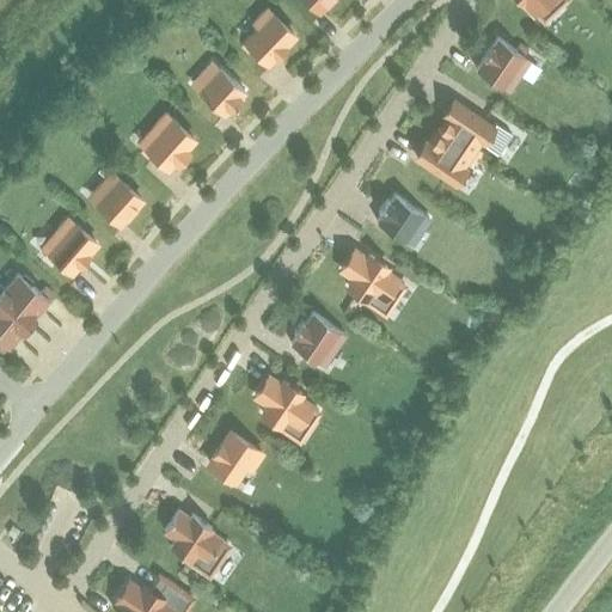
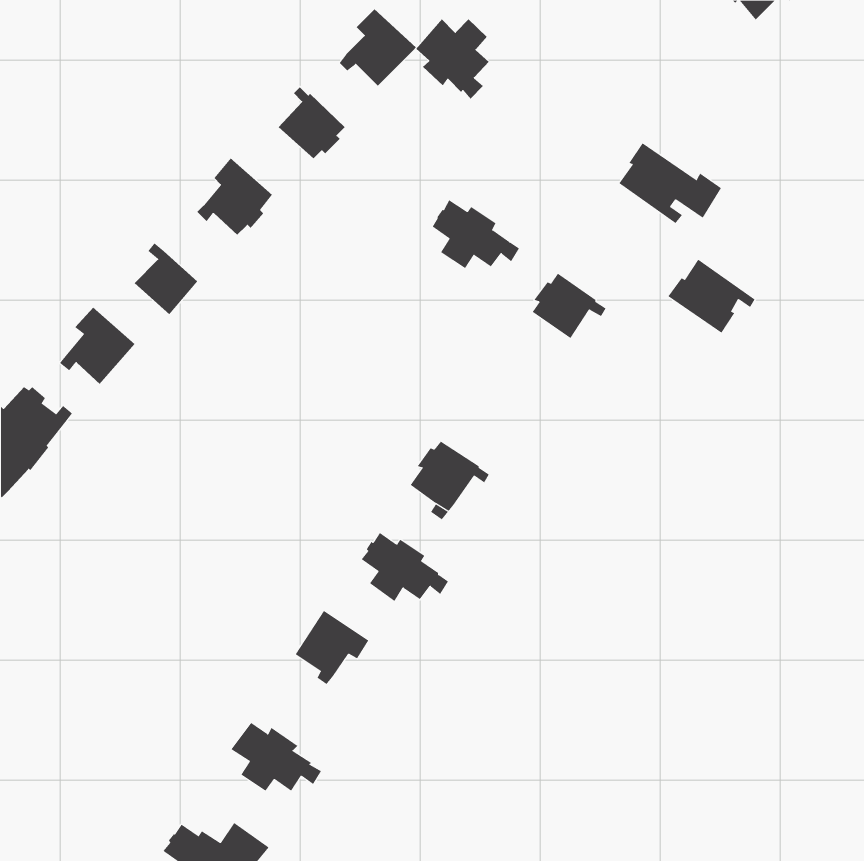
building: none -> [415,19,489,100]
building: [476,39,528,93] -> none
building: [416,133,478,185] -> [667,259,756,333]
building: [342,252,404,301] -> [432,199,520,269]

